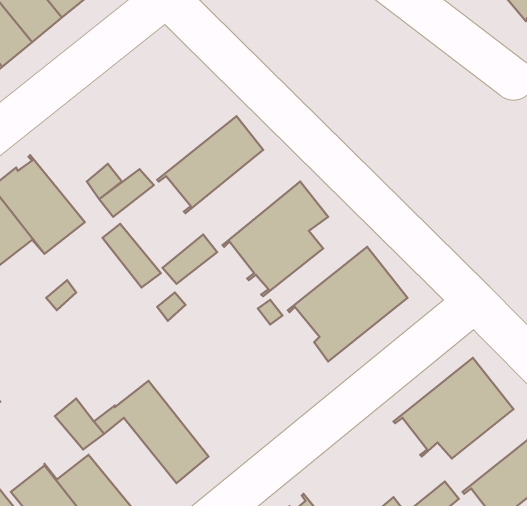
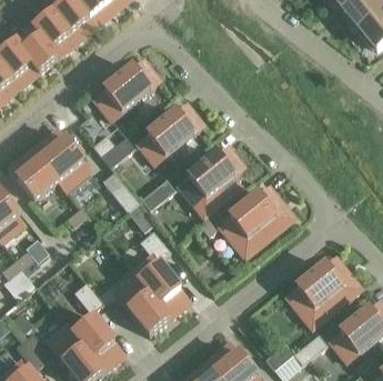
building: none -> [93,60,160,121]
building: none -> [131,231,190,319]

